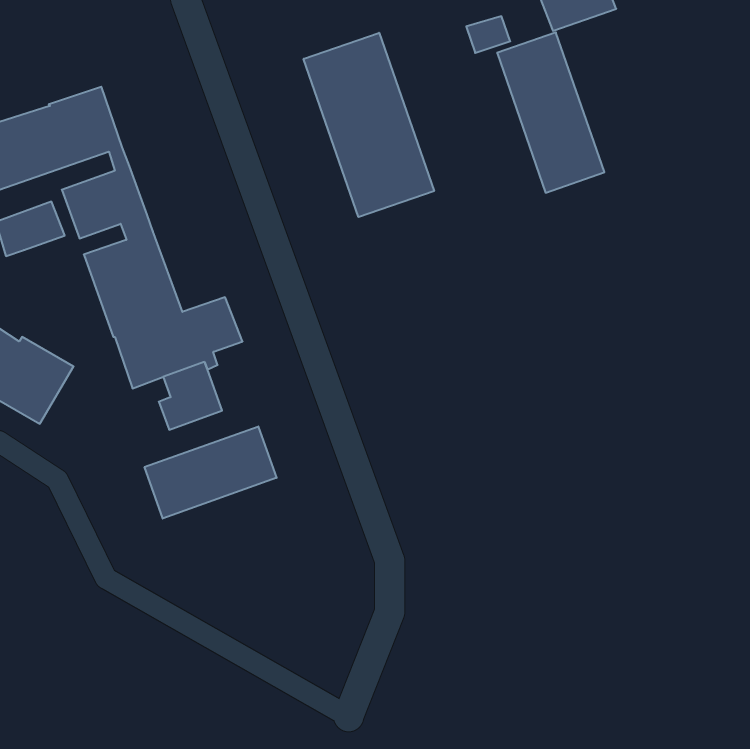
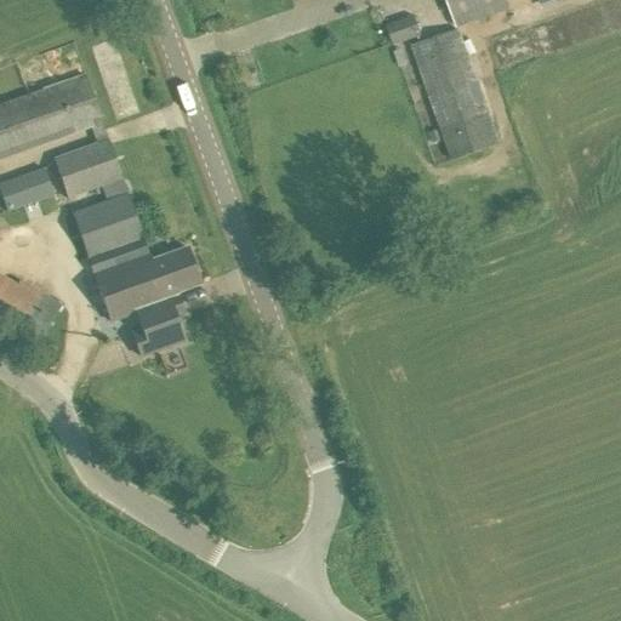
building: [304,33,434,217] -> none
building: [145,426,277,519] -> none

